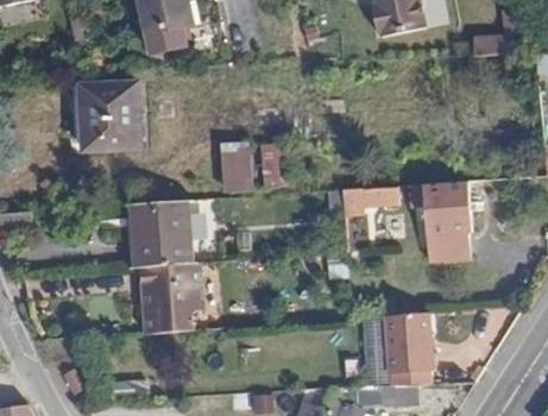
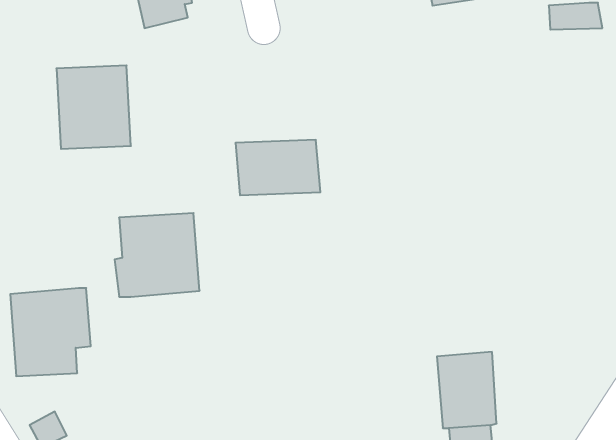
building: [422,181,471,259] -> none
building: [342,185,399,216] -> none
building: [140,263,204,333] -> [10,288,91,376]

